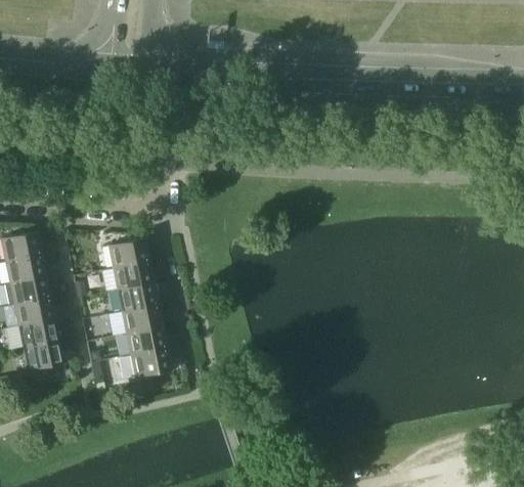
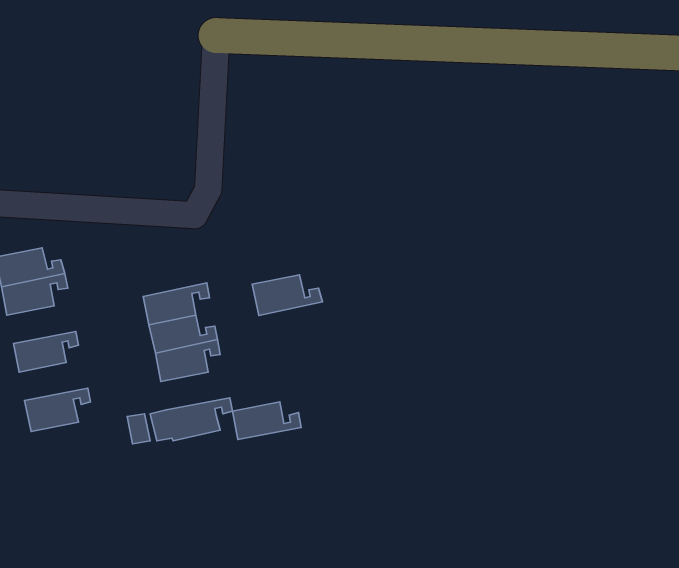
building: [105,238,159,269] -> [252,275,322,315]
building: [7,276,59,305] -> none
building: [16,319,69,348] -> none
building: [124,326,176,355] -> [232,402,301,440]

